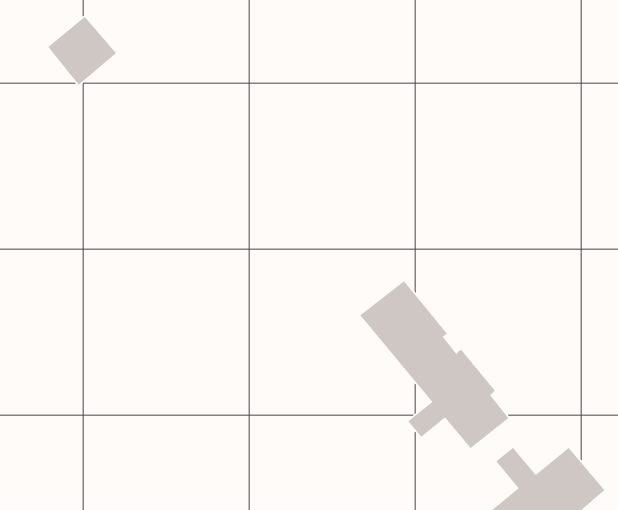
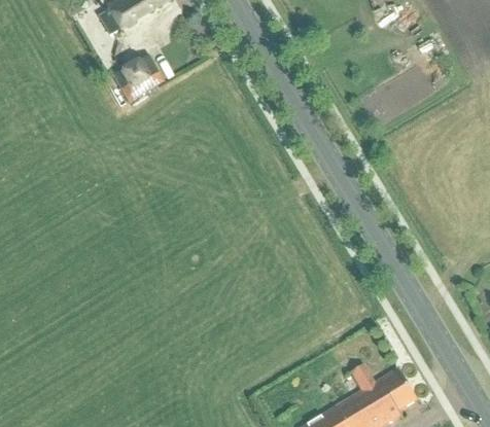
building: [359,280,509,449] -> none

